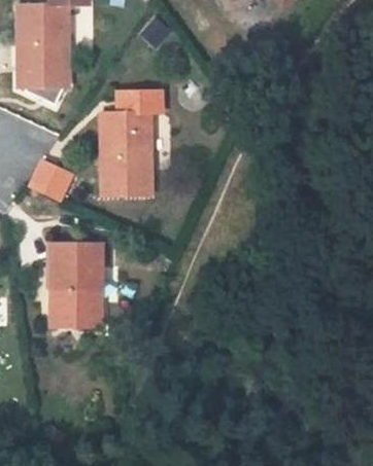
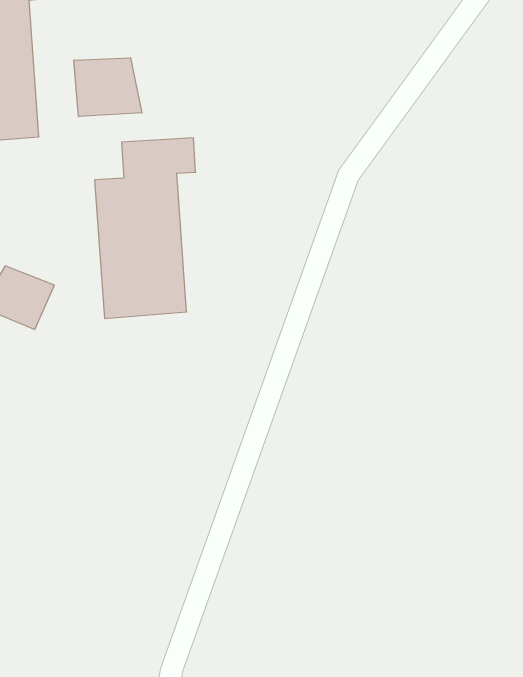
building: none -> [74,58,142,117]
building: [52,243,101,326] -> none

